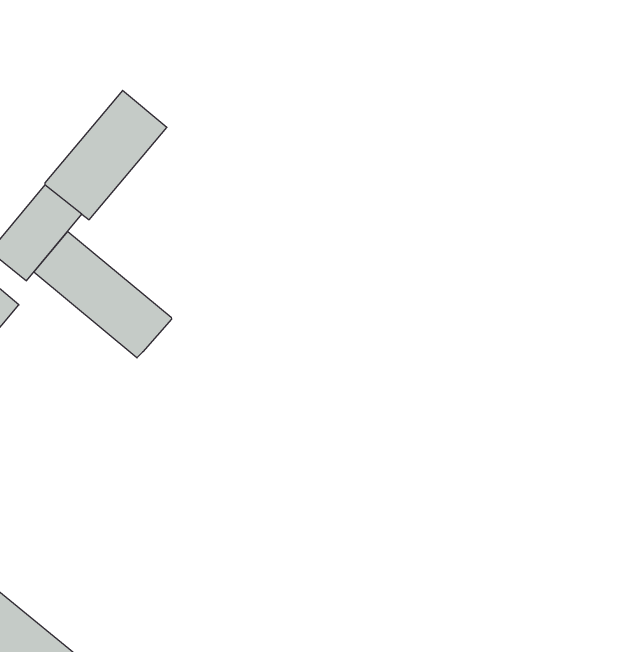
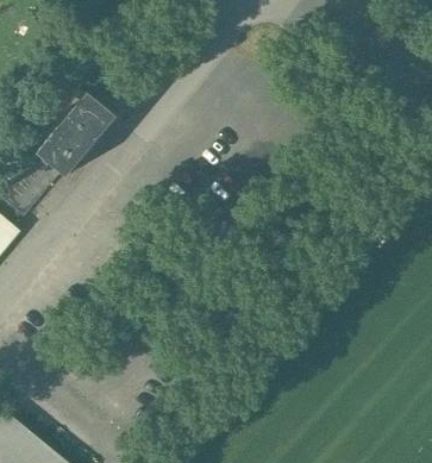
building: [34,231,172,358] -> none

